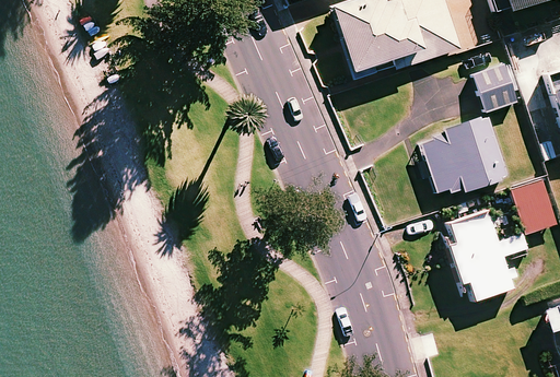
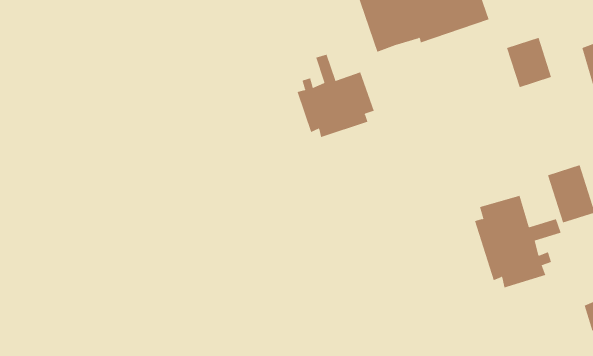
building: none -> [297,54,375,138]
building: [423,119,511,195] -> none

